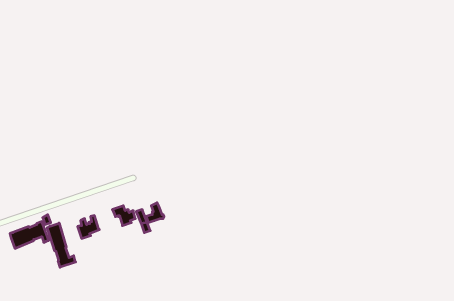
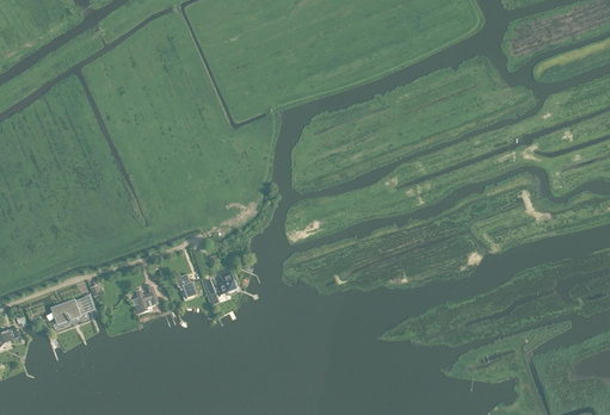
building: [47,223,76,267] -> none

